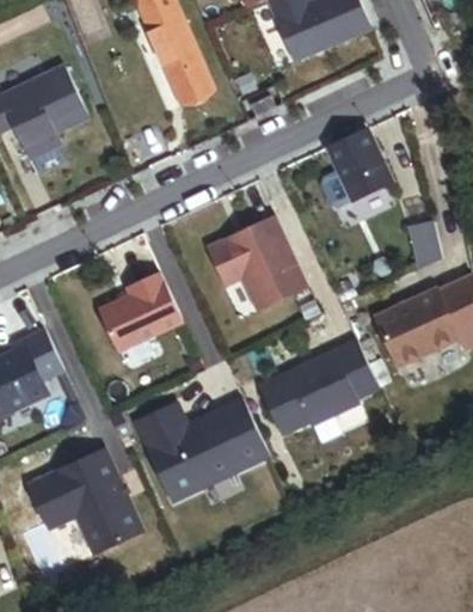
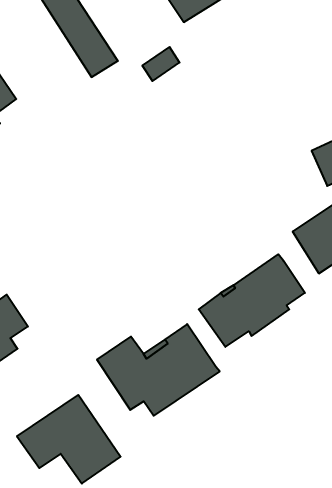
building: [322,129,389,203] -> none
building: [205,216,307,311] -> none
building: [97,270,180,351] -> none

